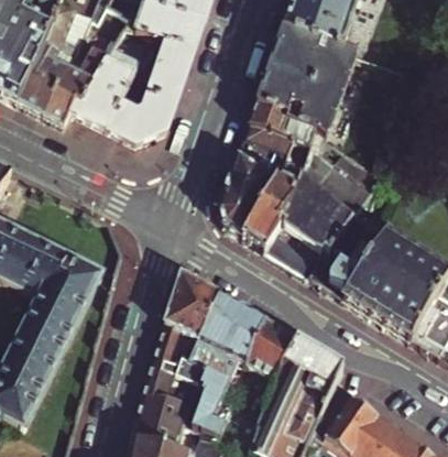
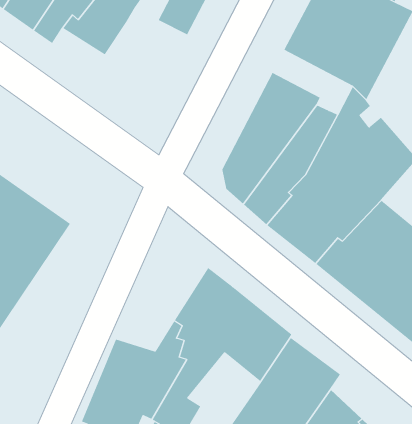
building: [109,93,175,141] -> none
building: [250,102,318,150] -> none
building: [151,271,219,368] -> none

